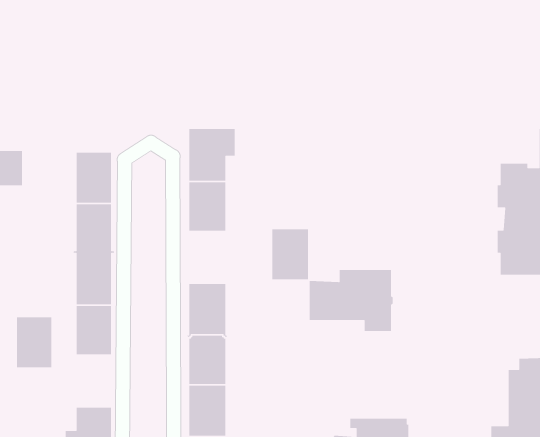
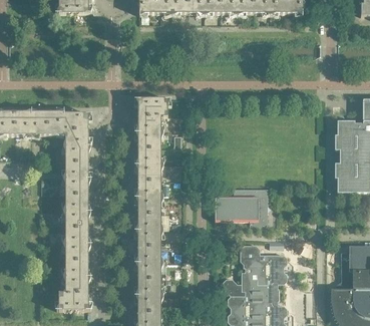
building: none -> [31,111,65,134]
building: [271,228,309,280] -> [137,164,161,197]
building: [16,317,52,368] -> [65,243,88,276]
building: none -> [238,242,287,283]

